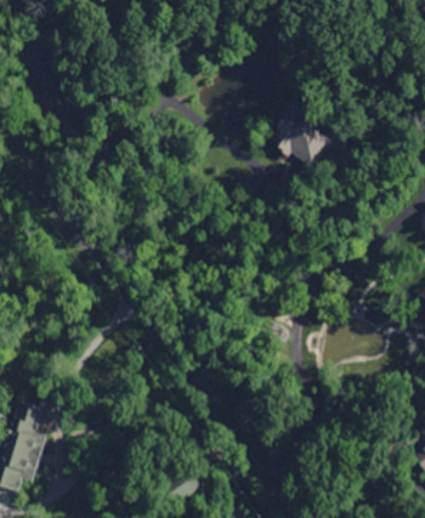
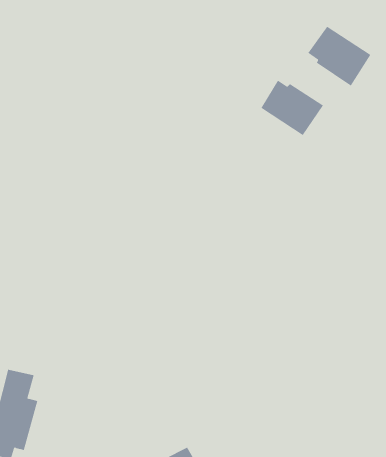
building: none -> [308,26,371,87]

